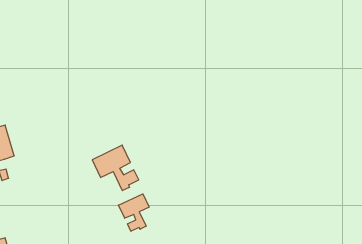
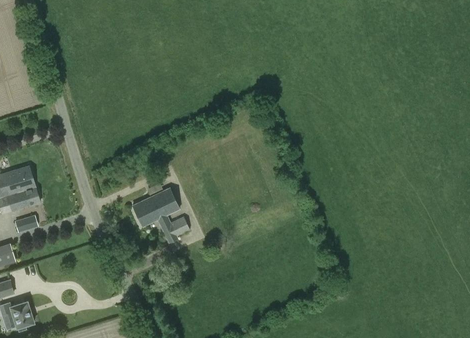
building: [118,194,149,231] -> none

